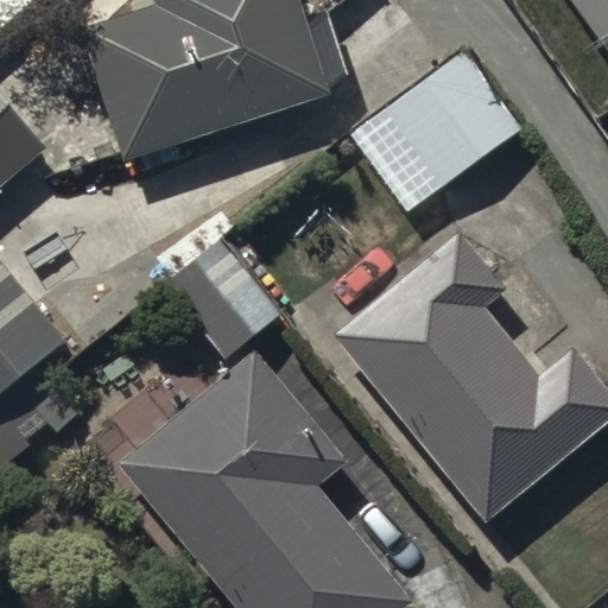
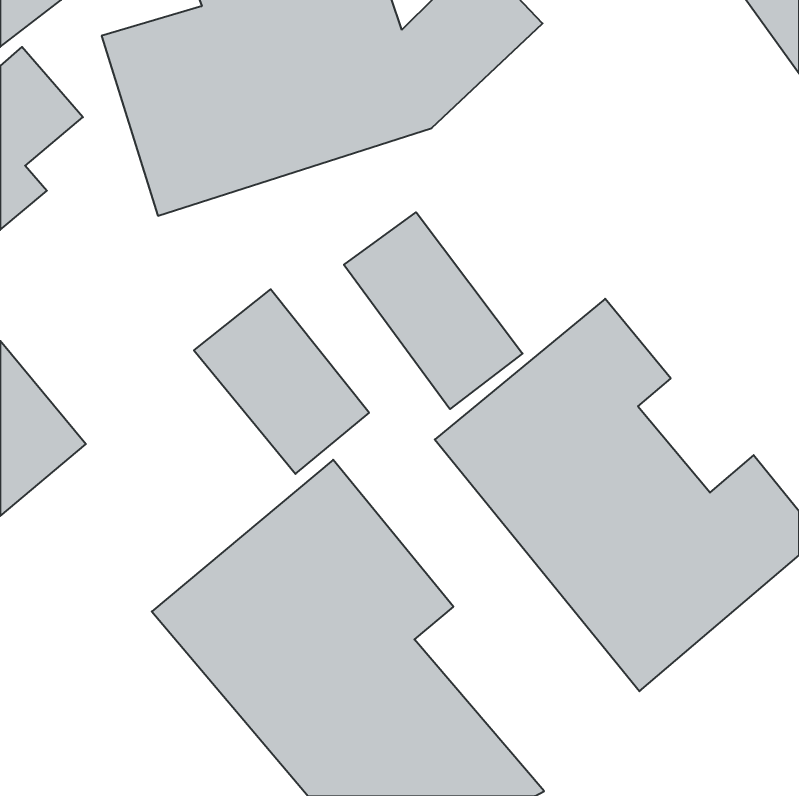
building: [348,49,522,214] -> none
building: none -> [344,212,523,409]

